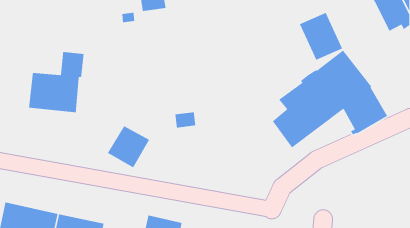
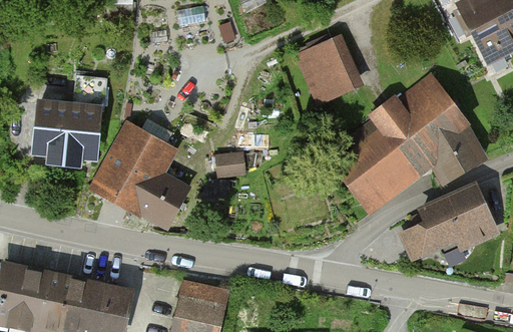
building: [299,12,343,61] -> [299,41,354,102]
building: none -> [101,130,166,206]
building: none -> [403,186,494,257]

